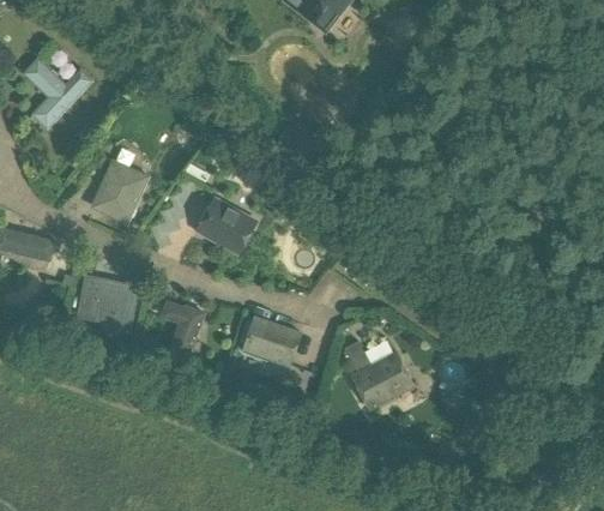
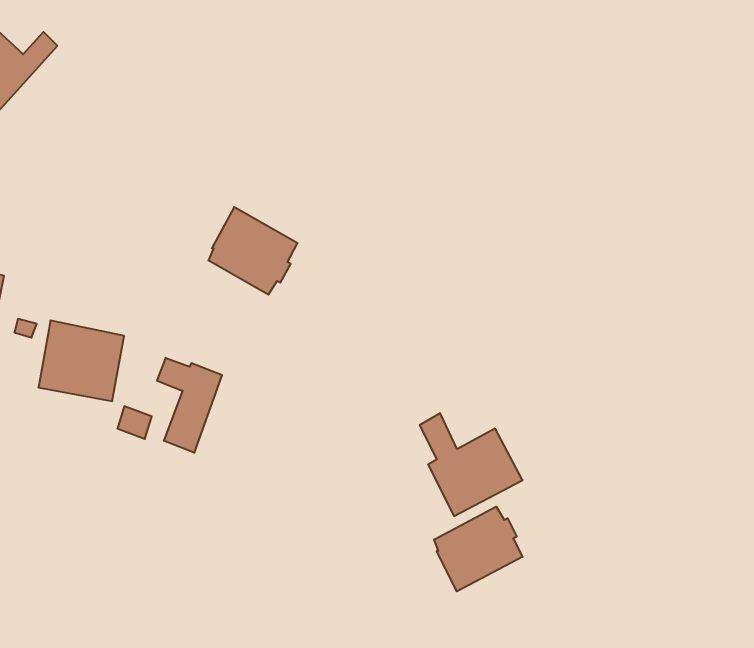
building: [89,158,149,224] -> none
building: [241,314,301,367] -> none
building: none -> [434,507,523,591]

